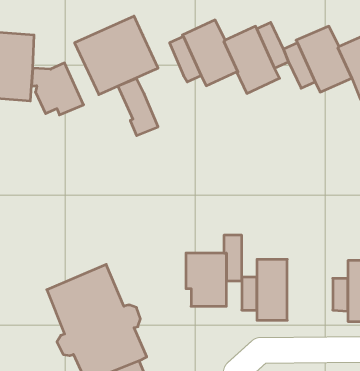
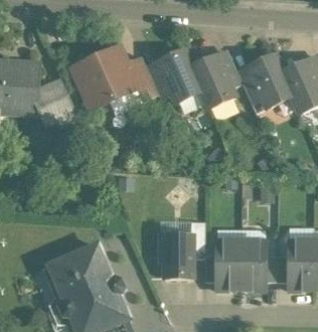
building: [118,79,158,136] -> [126,55,158,101]
building: none -> [241,239,265,288]

